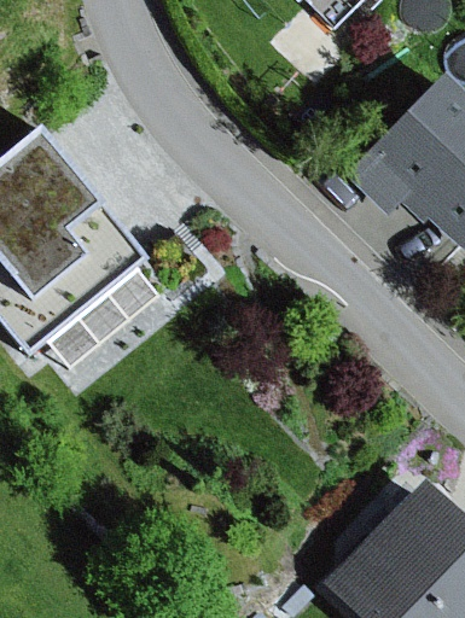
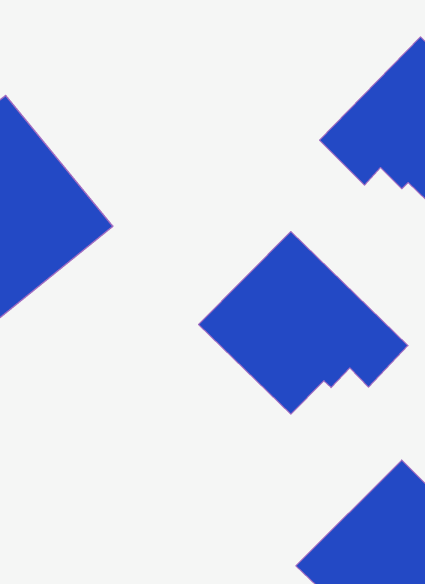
building: none -> [199,232,408,414]

